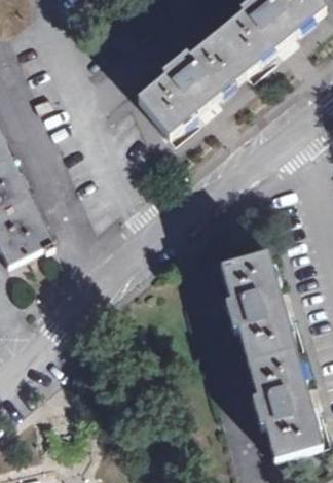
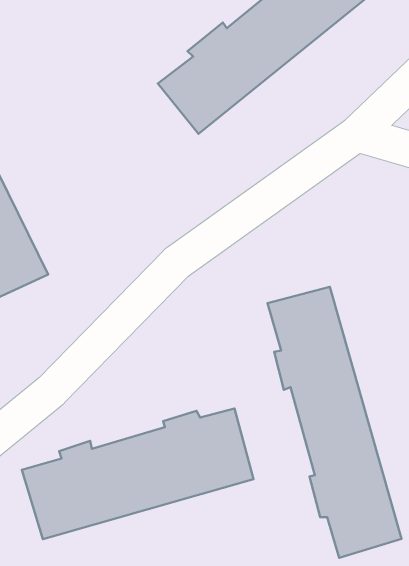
building: none -> [22,408,254,539]

